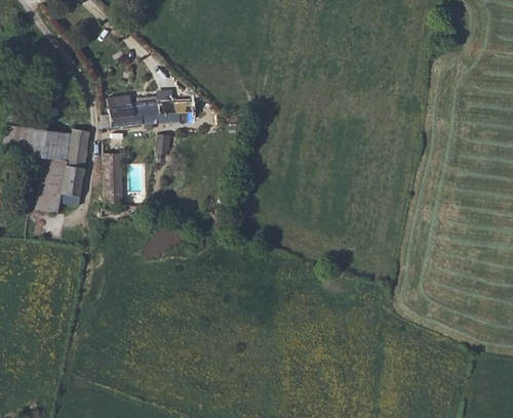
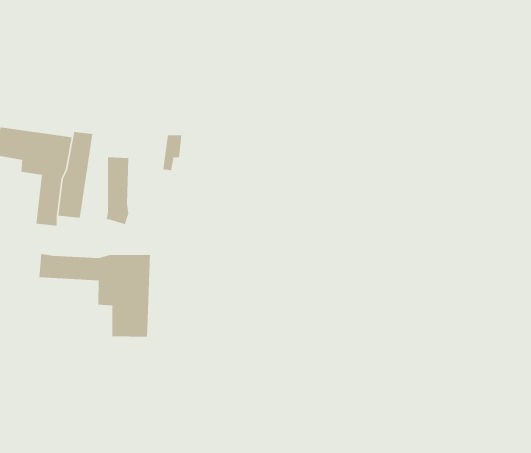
building: [102,96,200,126] -> none
building: none -> [39,253,150,337]

